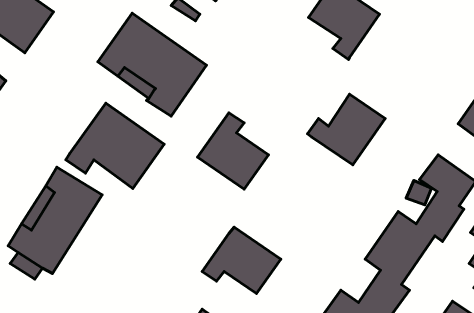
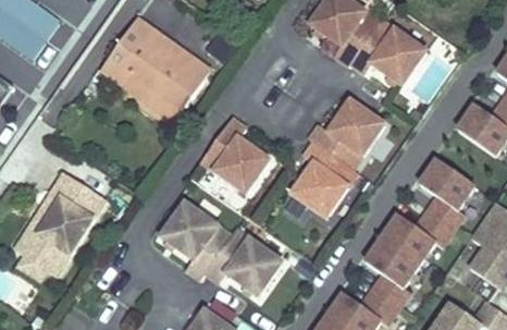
building: none -> [350,17,426,84]
building: [66,103,164,188] -> none
building: none -> [292,140,358,216]
building: none -> [162,203,232,279]

